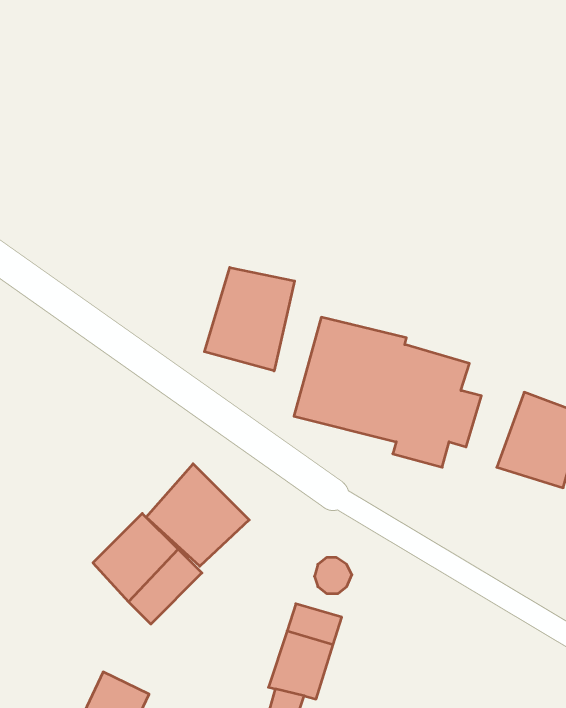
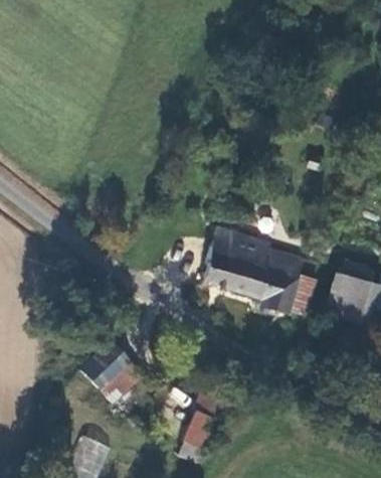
building: [204,267,295,371] -> none
building: [146,464,249,566] -> none

